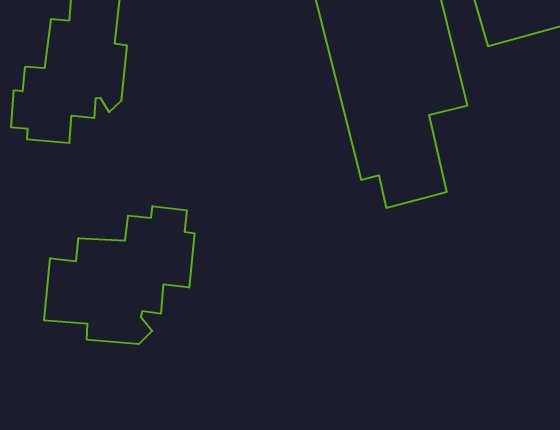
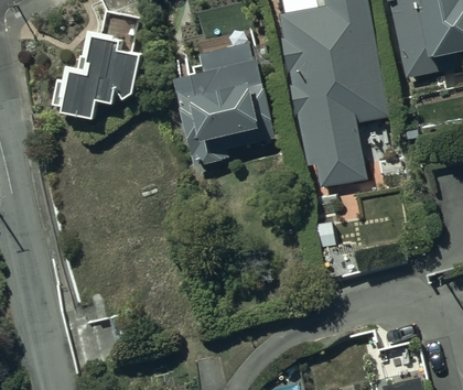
building: none -> [174,55,280,164]
building: [44,206,195,344] -> none

